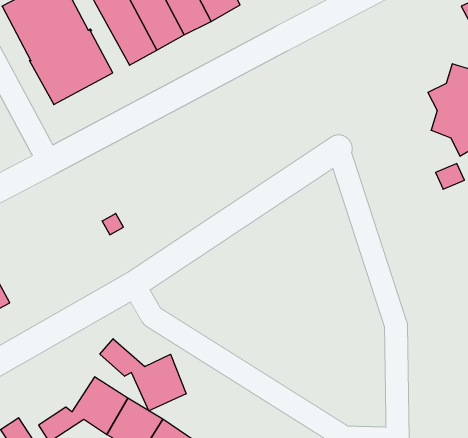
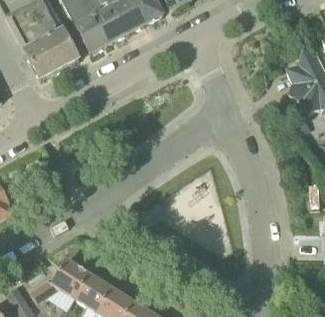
building: [100,339,186,411] -> none

